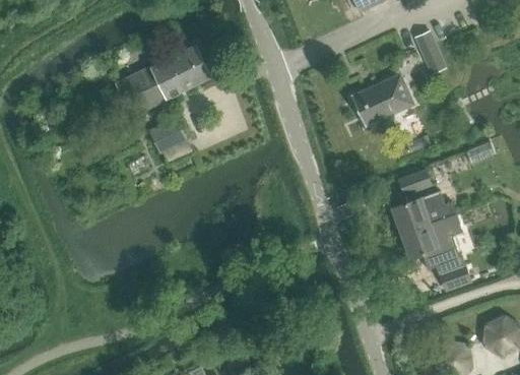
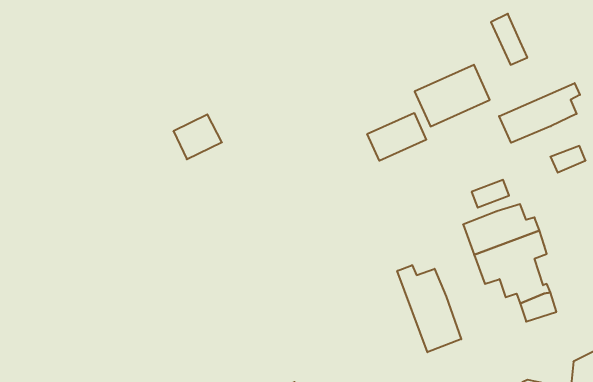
building: [116,45,211,116] -> none
building: none -> [499,83,580,143]
building: none -> [367,113,426,161]
building: none -> [397,265,461,352]

